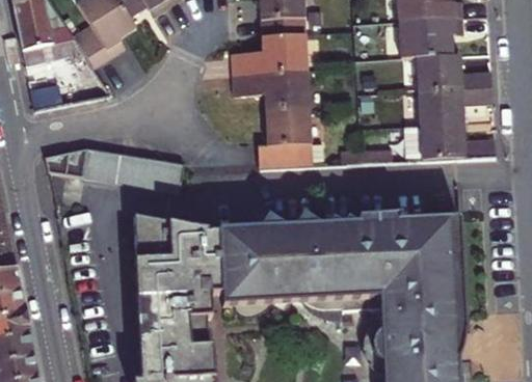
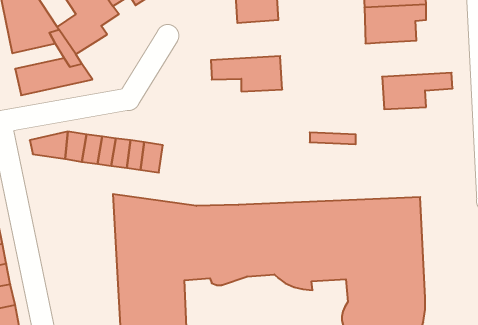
building: [234,28,309,71] -> none
building: [415,49,490,88] -> none
building: [260,102,312,165] -> none
building: [419,120,495,159] -> none

